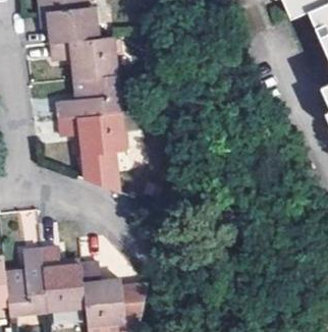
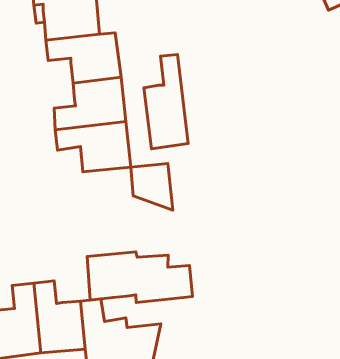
building: none -> [144,54,188,149]
building: [83,152,118,191] -> [131,163,173,210]
building: none -> [87,252,192,302]

